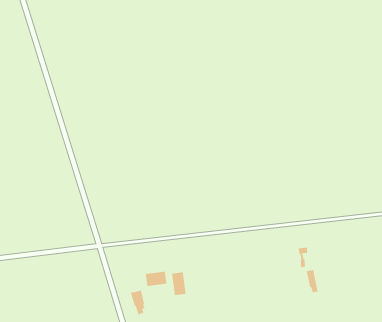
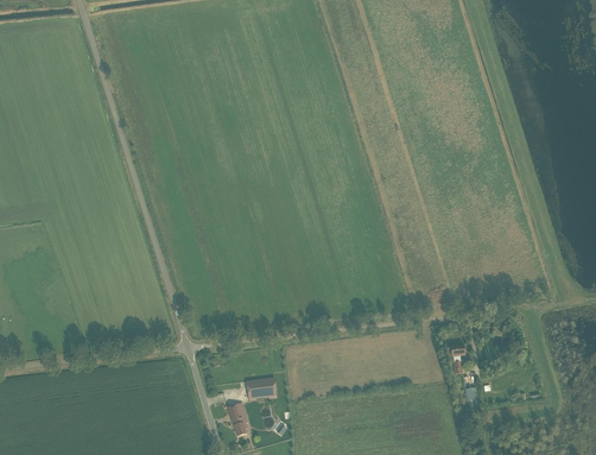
building: [171,272,187,296] -> none

